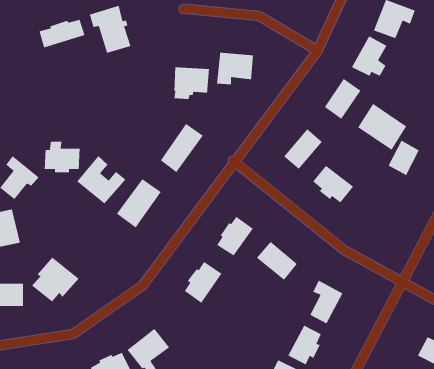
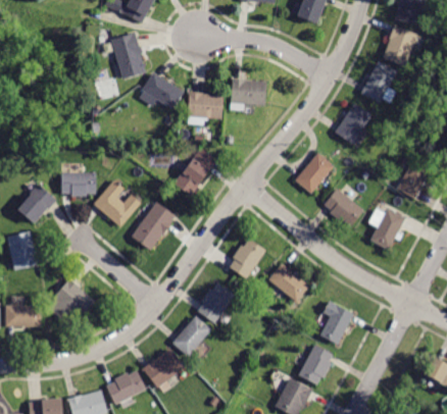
building: [38,19,86,48] -> none
building: none -> [140,71,185,109]
building: [357,103,407,151] -> none
building: none -> [368,207,406,250]
building: none -> [172,315,211,356]

